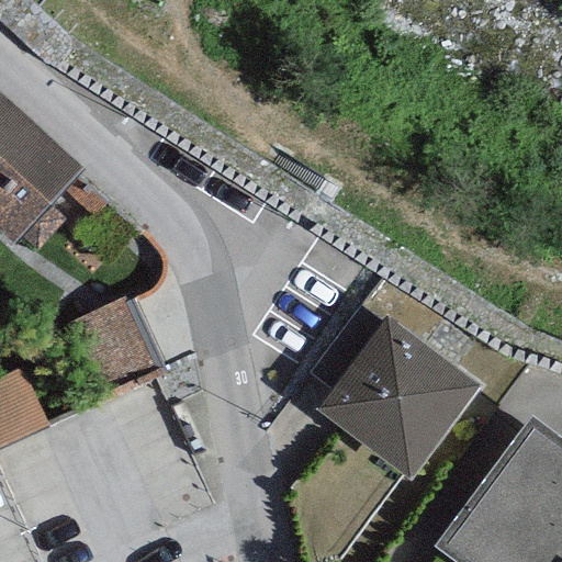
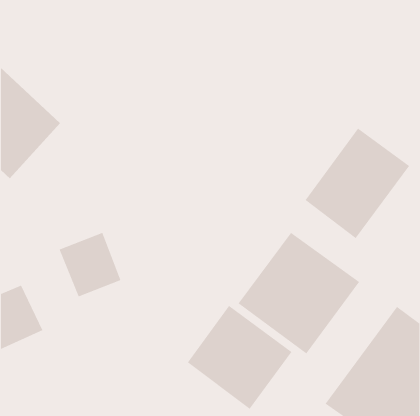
building: none -> [304,127,410,239]
building: none -> [187,305,293,410]

